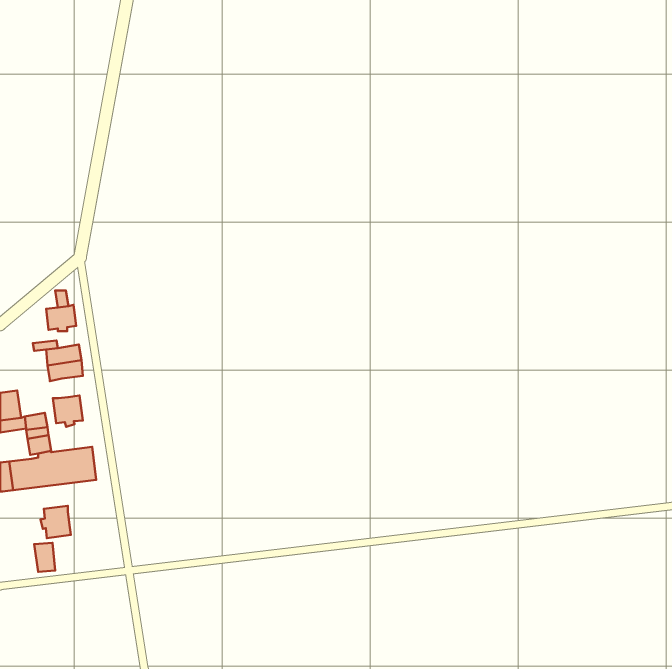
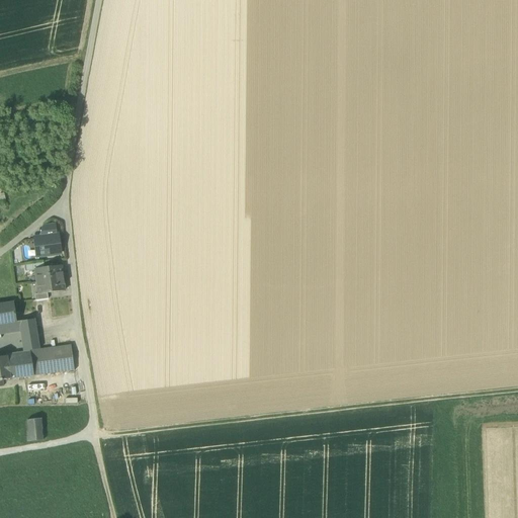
building: [53,395,83,427] -> none
building: [40,506,71,538] -> none

